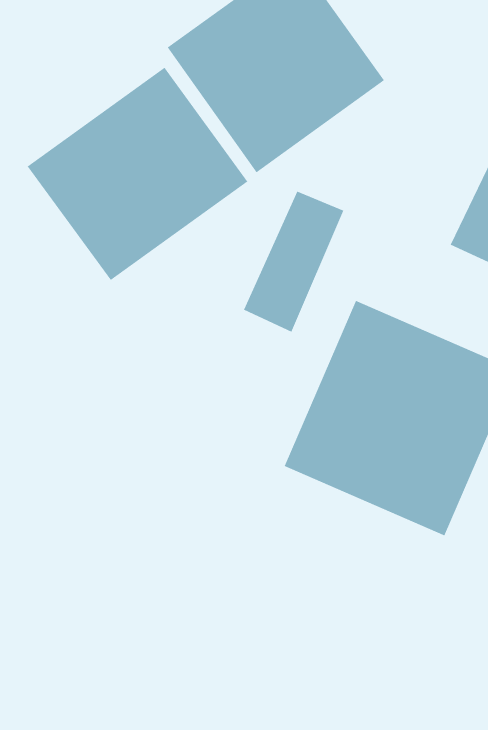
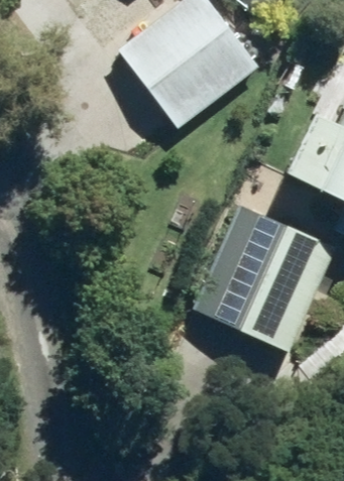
building: [27,67,248,281] -> none

